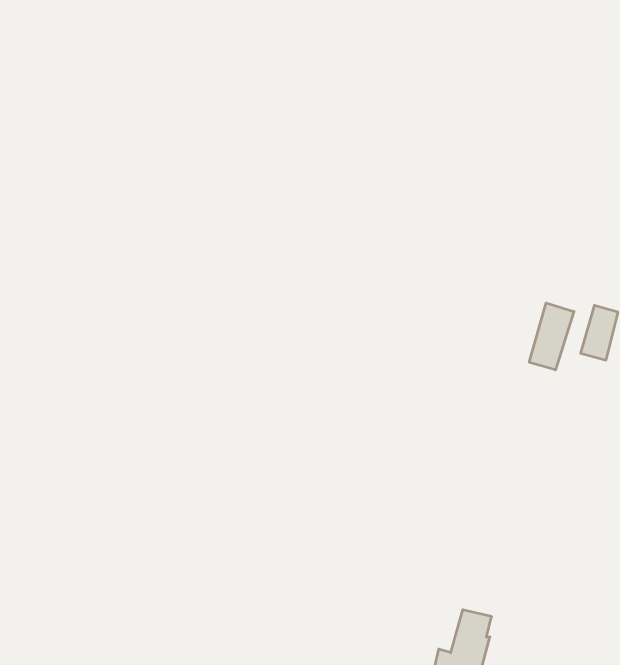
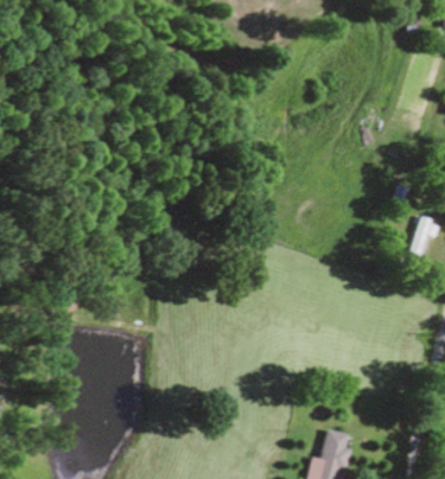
building: [529,303,574,370] -> none

